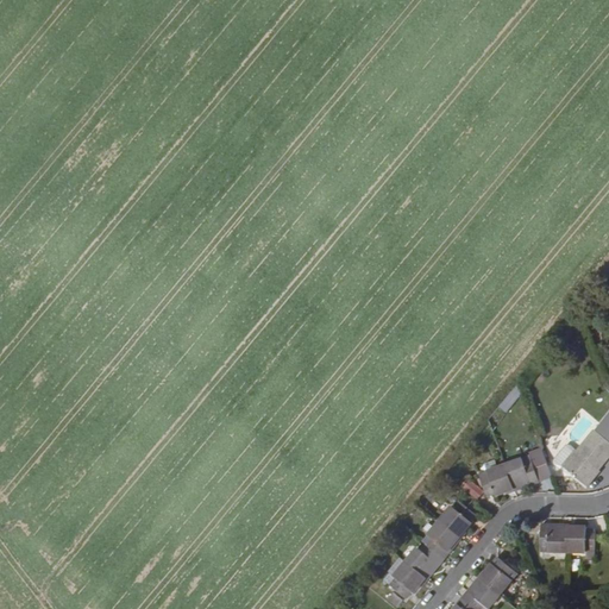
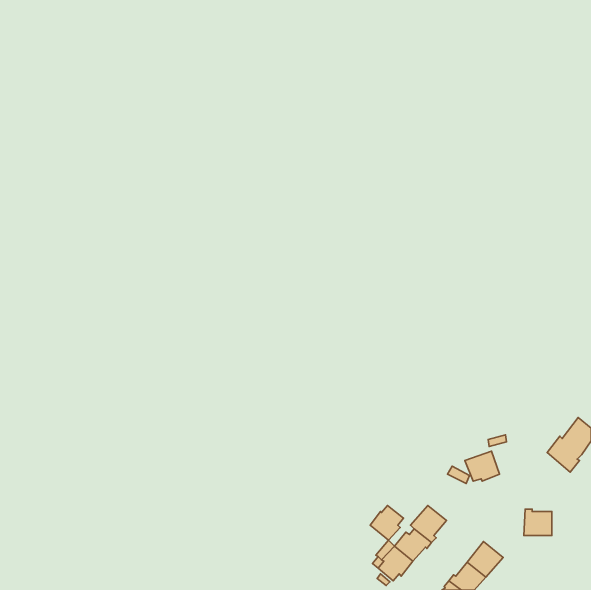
building: [506,458,539,488] -> none
building: [440,500,475,535] -> [370,506,404,540]
building: [567,526,595,552] -> none

